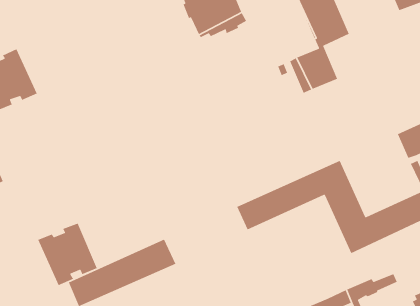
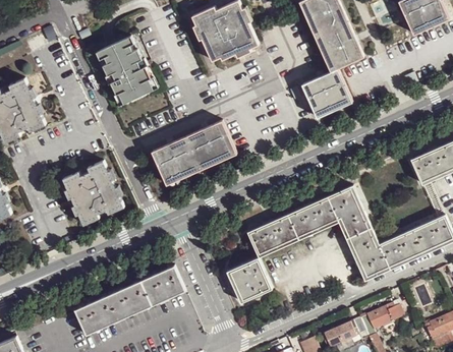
building: none -> [96,36,153,104]
building: none -> [149,114,235,179]
building: [37,223,98,286] -> [61,156,123,221]
building: none -> [225,258,270,303]

